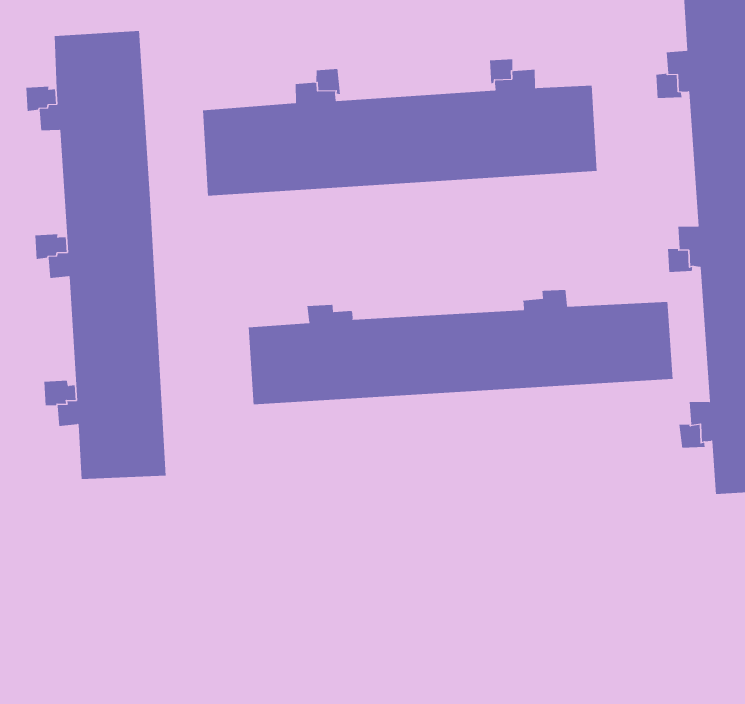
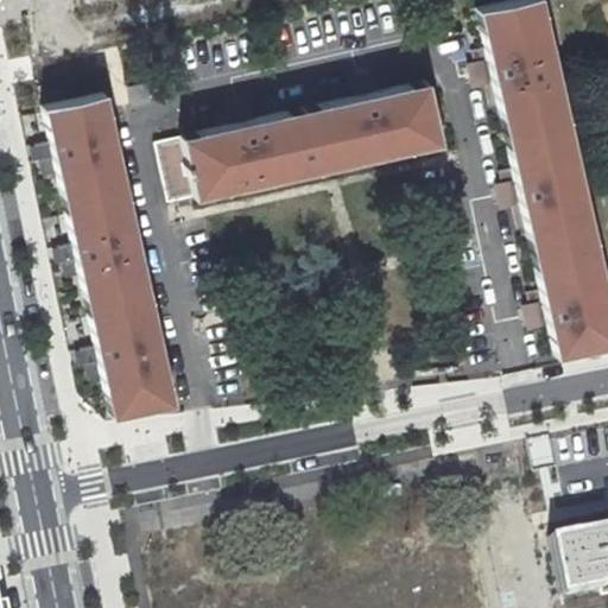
building: [248,289,673,405] -> none

